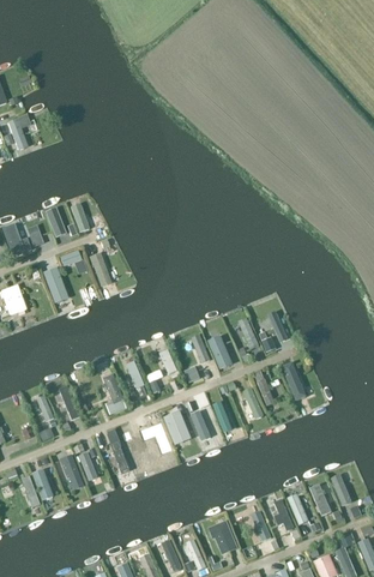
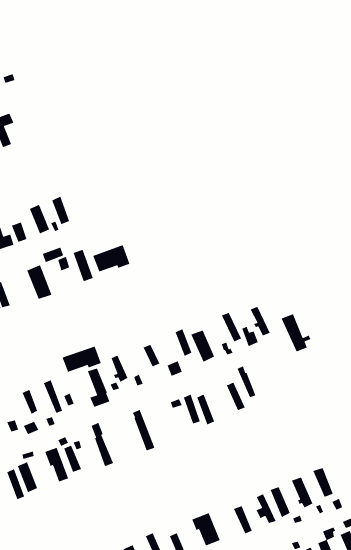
building: none -> [92,244,131,272]
building: none -> [62,345,102,373]
building: [280,360,312,399] -> [281,313,311,352]
building: [163,409,192,445] -> none

